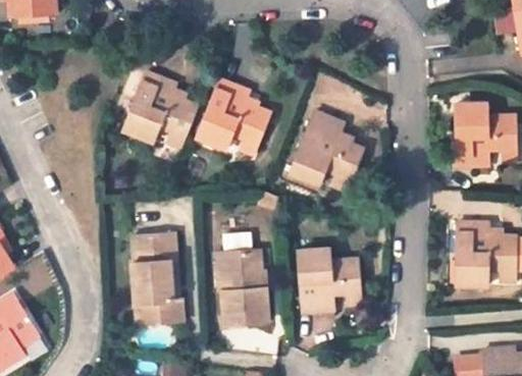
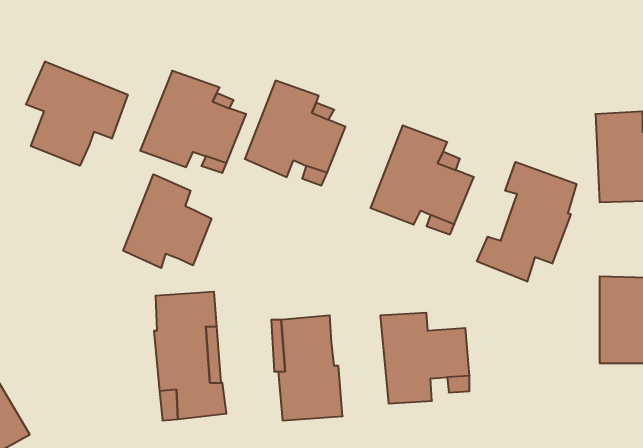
building: none -> [26,61,128,166]
building: none -> [477,162,577,282]
building: none -> [123,174,211,268]

